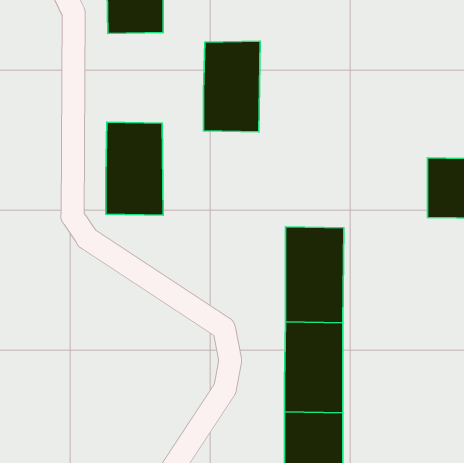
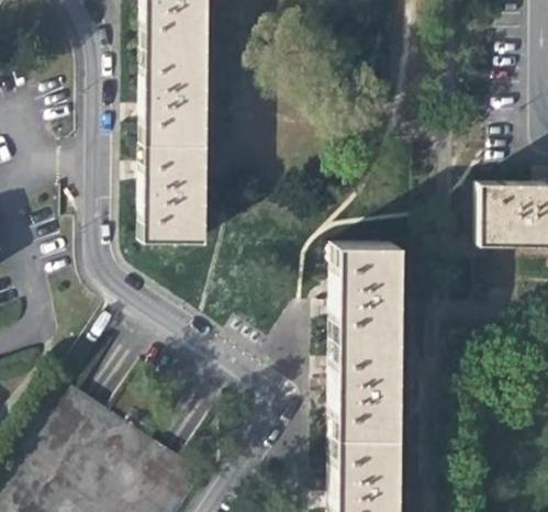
building: [204,41,260,132] -> [148,49,208,145]

